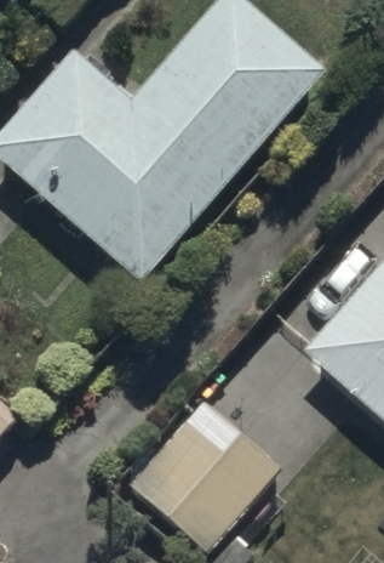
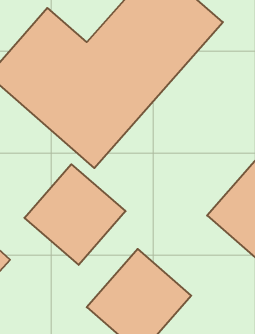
building: none -> [24,164,126,265]

